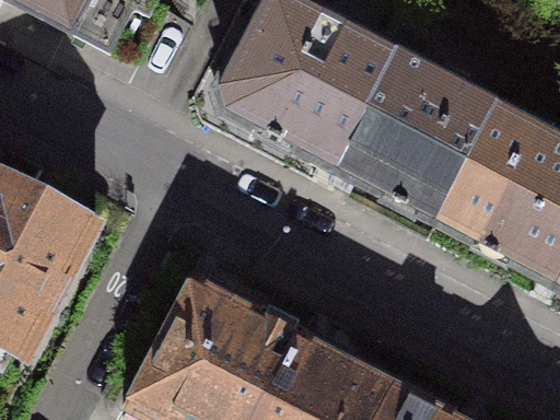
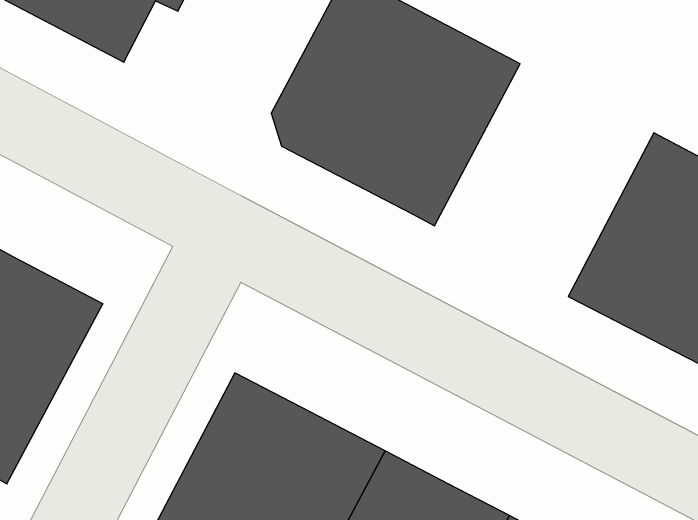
building: [337,48,497,218] -> none

